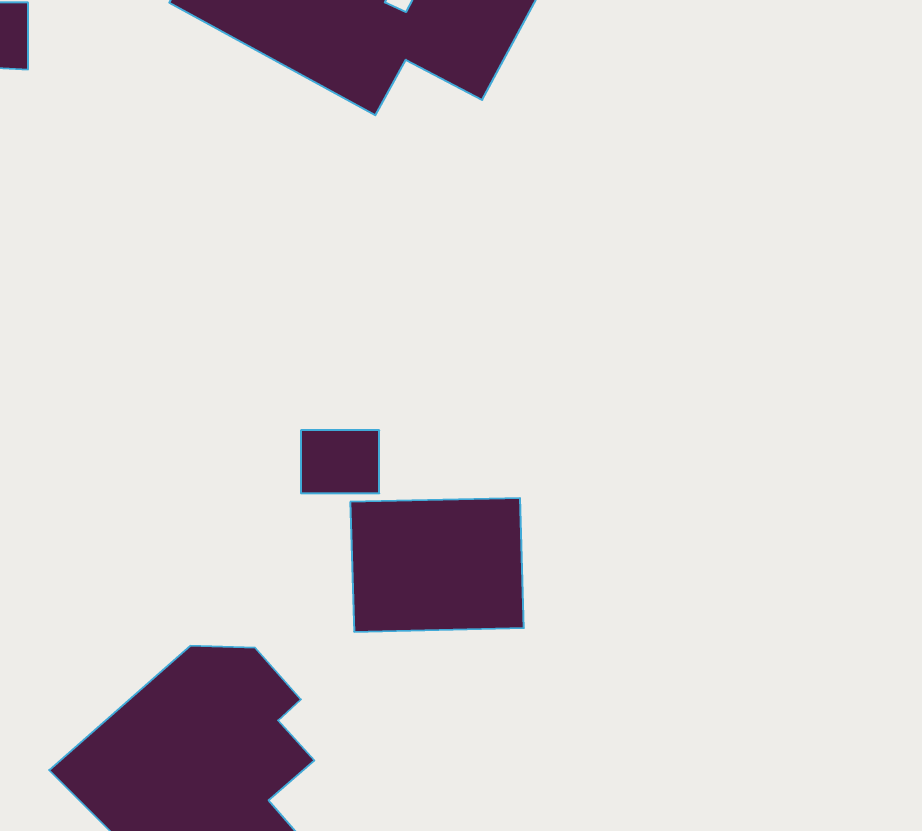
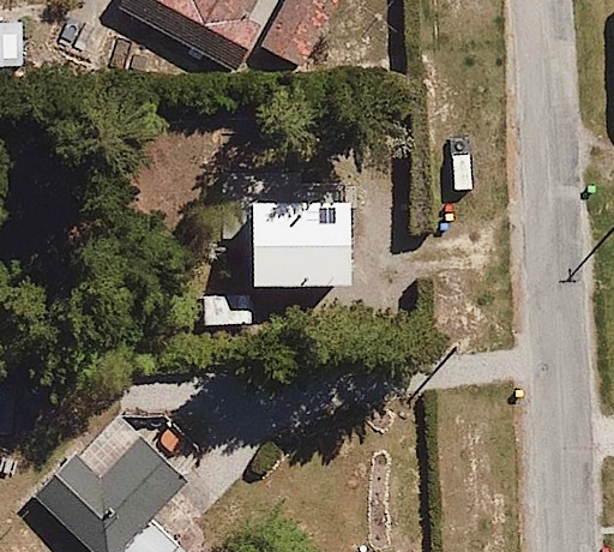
building: [350,498,524,632] -> [242,200,351,284]

